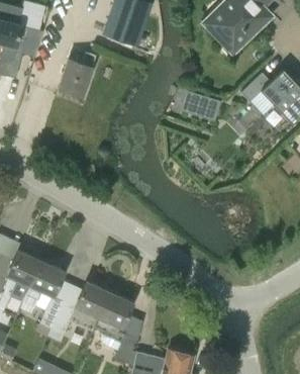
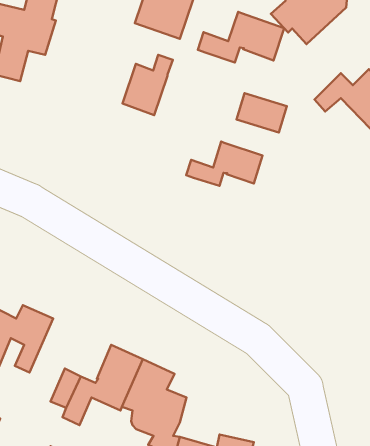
building: none -> [198,12,284,62]
building: [59,52,97,98] -> [123,55,173,115]
building: none -> [186,142,263,186]
building: [20,261,66,314] -> none

